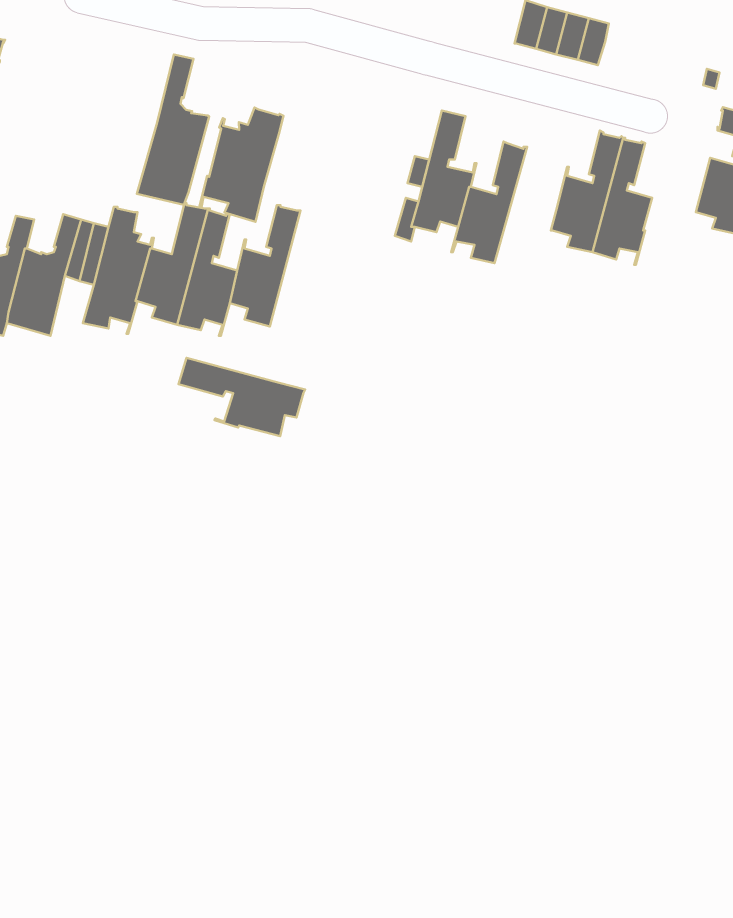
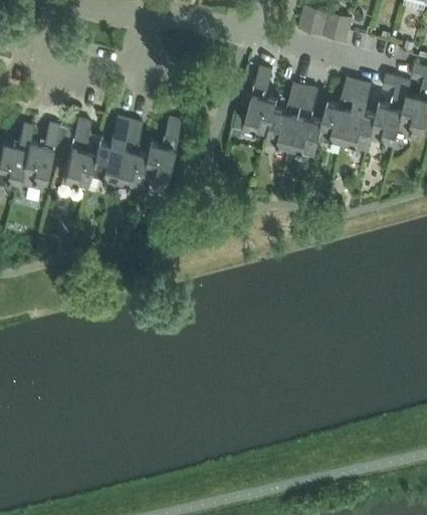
building: [137,54,209,205] -> none
building: [200,107,283,222] -> none
building: none -> [372,73,412,144]
building: none -> [289,84,324,156]
building: [179,358,305,436] -> none

